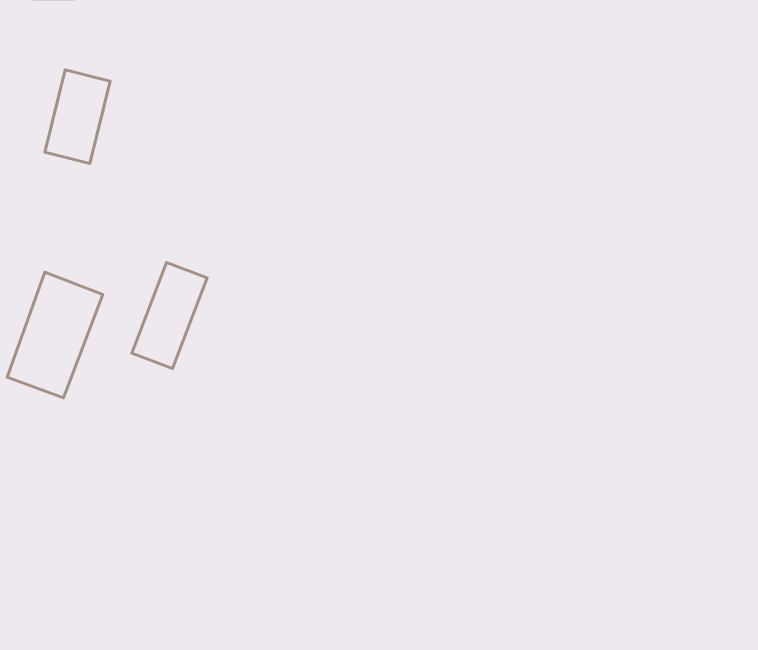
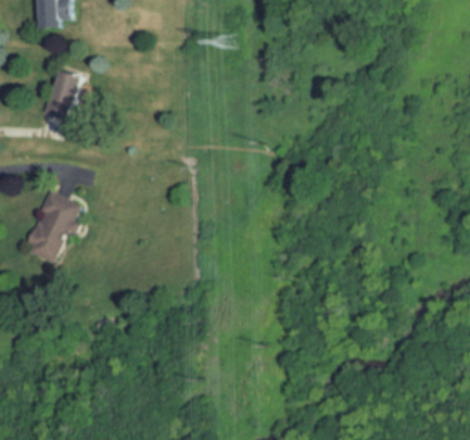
building: [132,262,207,369] -> none

